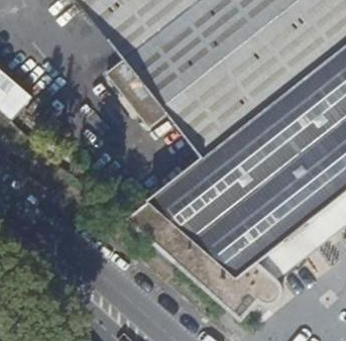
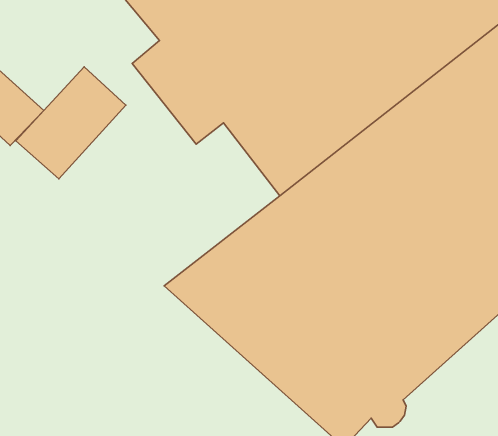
building: none -> [16,67,126,179]

